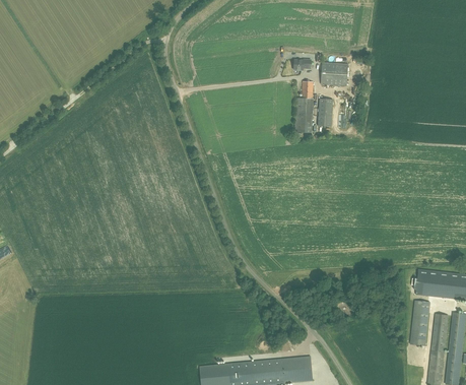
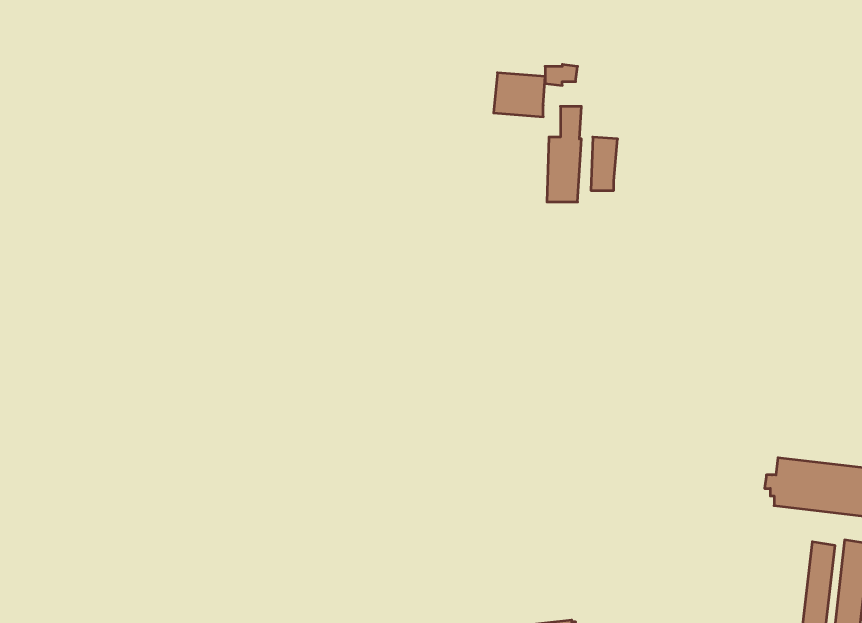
building: [320,62,347,85] -> [494,73,545,117]
building: [409,300,429,345] -> none

